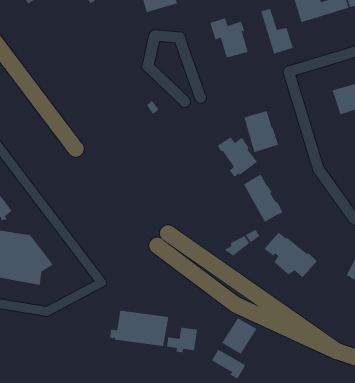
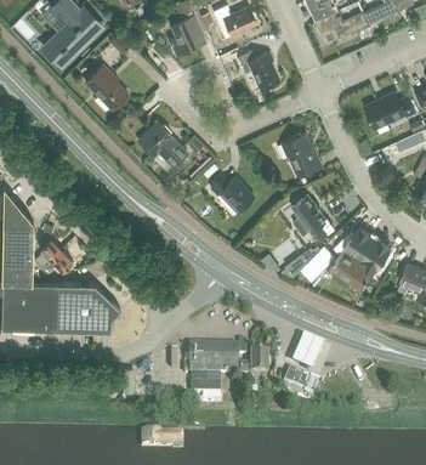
building: [260,8,294,55] -> none
building: none -> [85,63,127,108]
building: none -> [138,120,187,164]
building: [217,137,258,177] -> [211,175,252,215]
building: none -> [337,226,384,266]
building: none -> [189,374,220,392]

